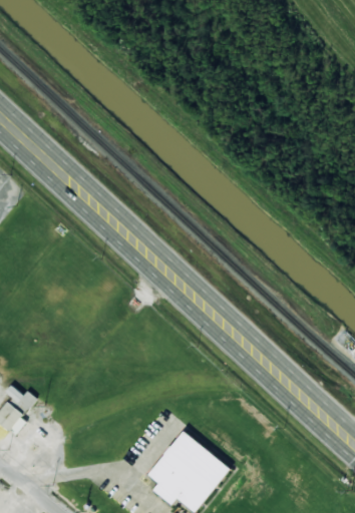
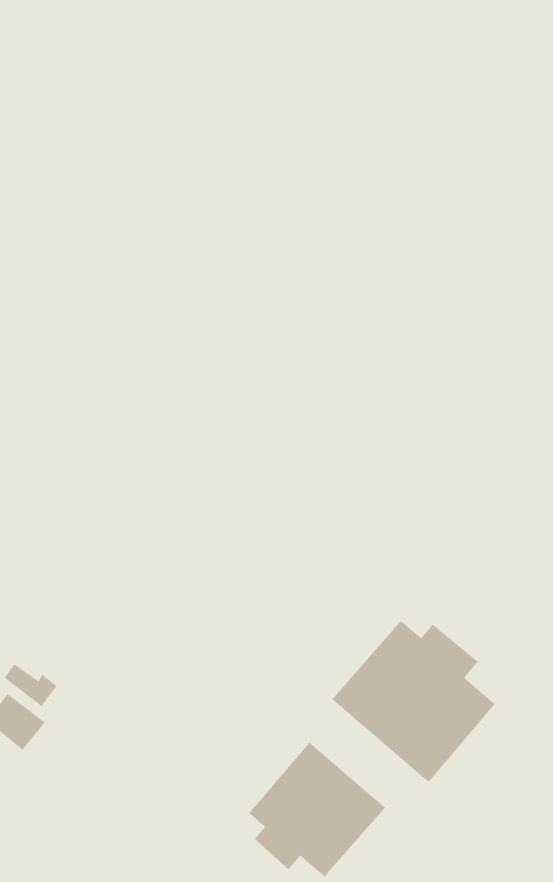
building: none -> [332,620,496,783]

